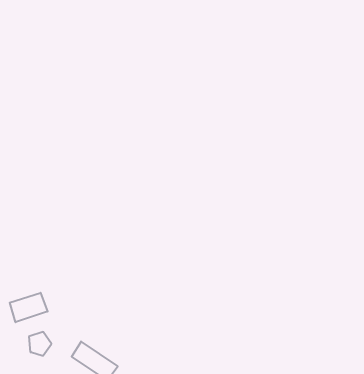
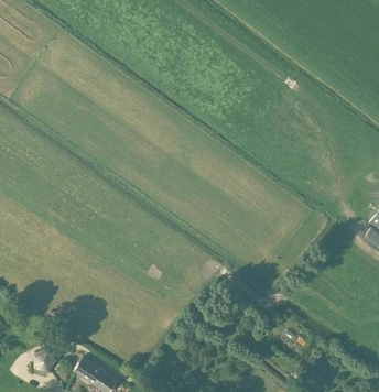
building: [10,293,48,322] -> none

